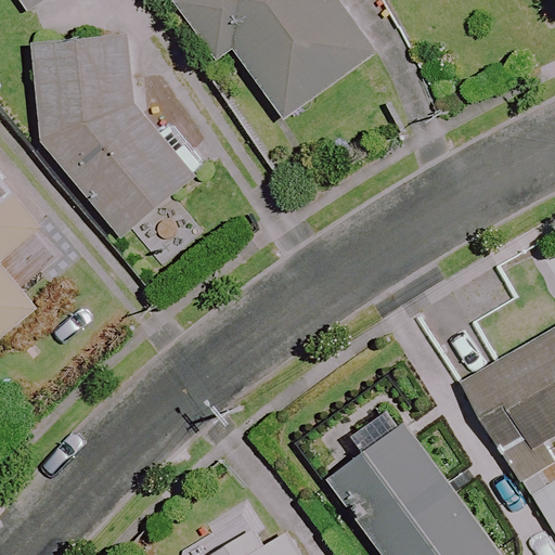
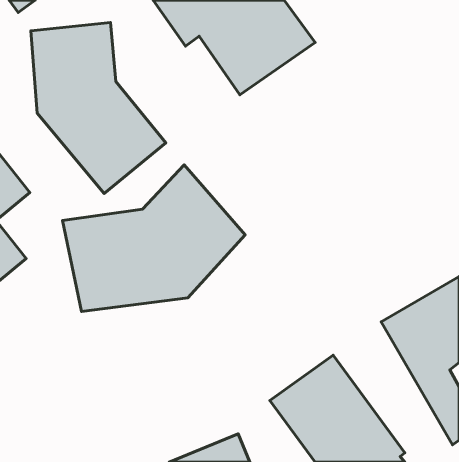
building: none -> [63,165,245,311]

